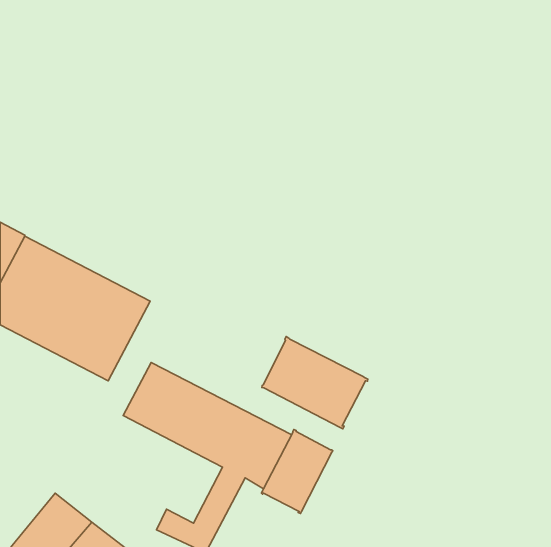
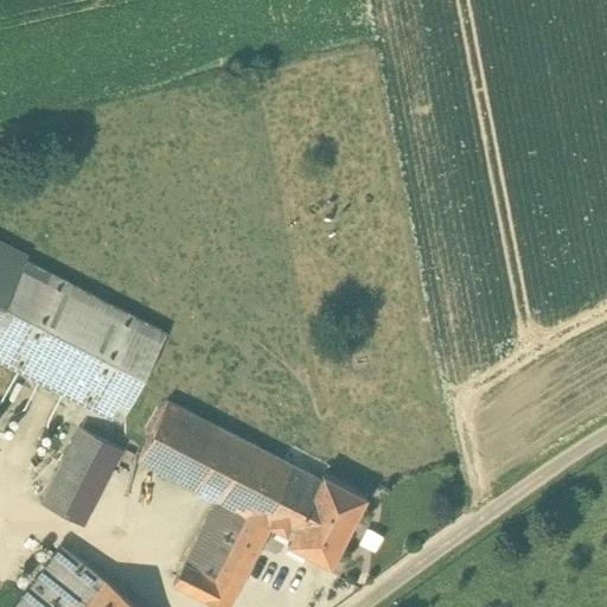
building: [262,337,368,429] -> none
building: none -> [41,429,124,526]
building: none -> [184,503,245,580]

